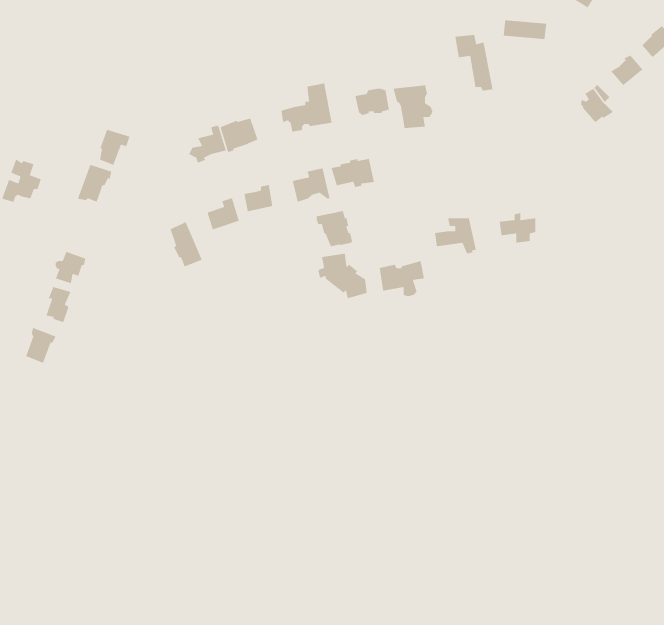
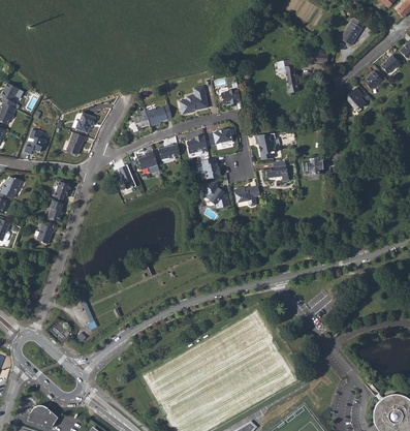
building: [393,84,433,129] -> [255,134,278,159]

